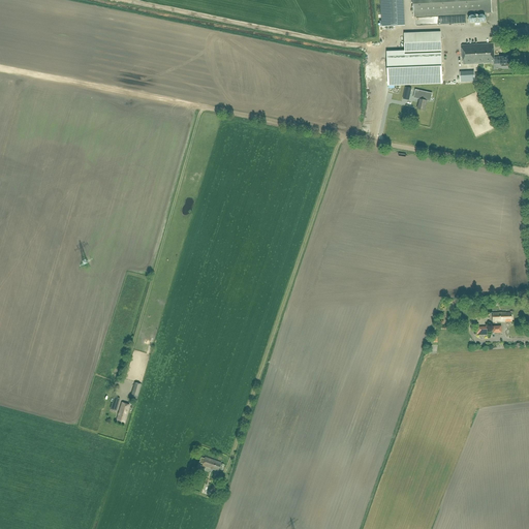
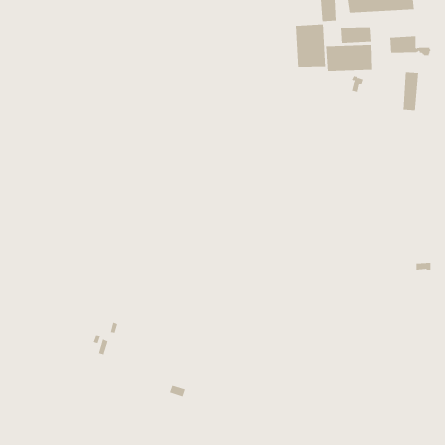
building: none -> [295,24,326,68]
building: none -> [403,72,418,111]

